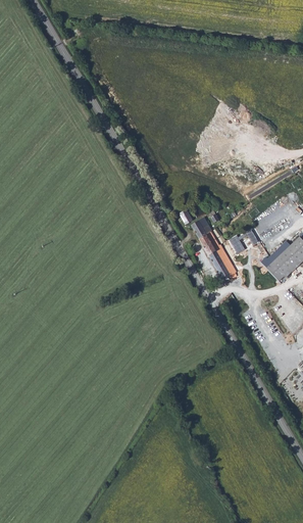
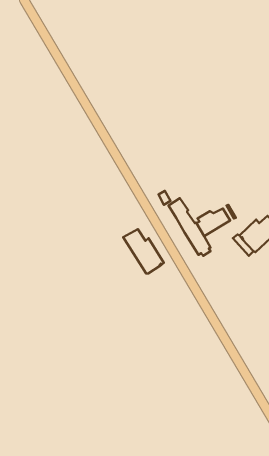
building: none -> [123,229,164,273]

